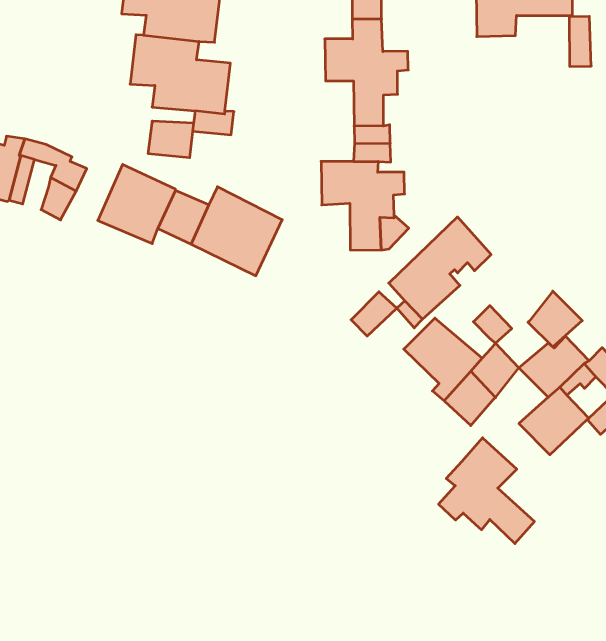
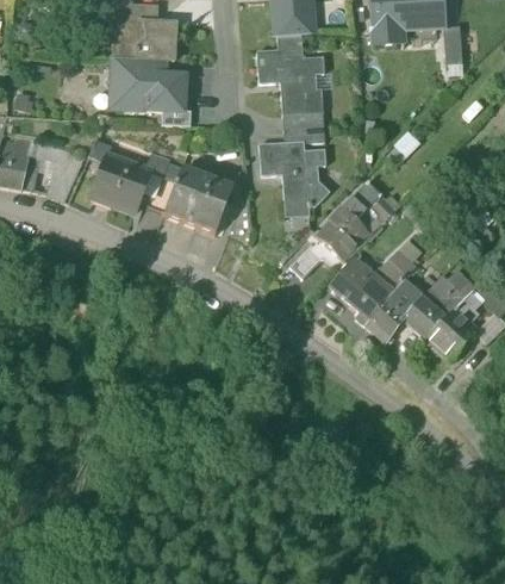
building: [148,121,193,158] -> none
building: [528,291,582,347] -> [403,294,444,337]
building: [439,438,534,544] -> none

